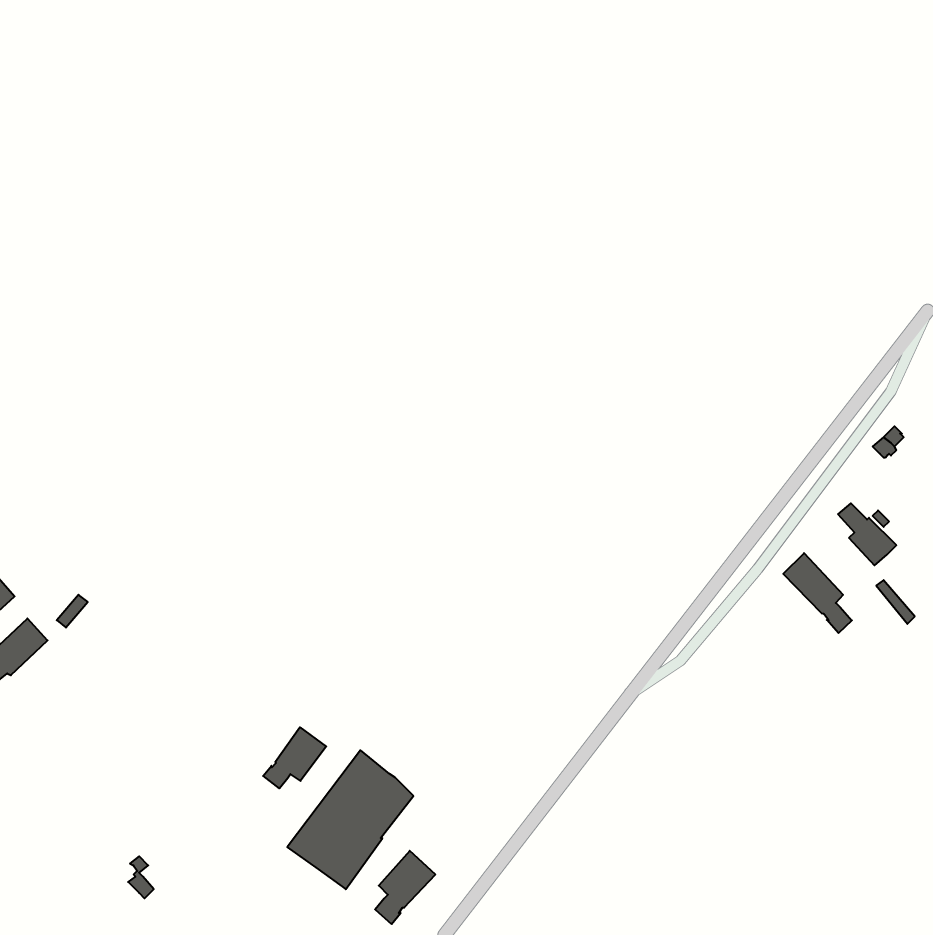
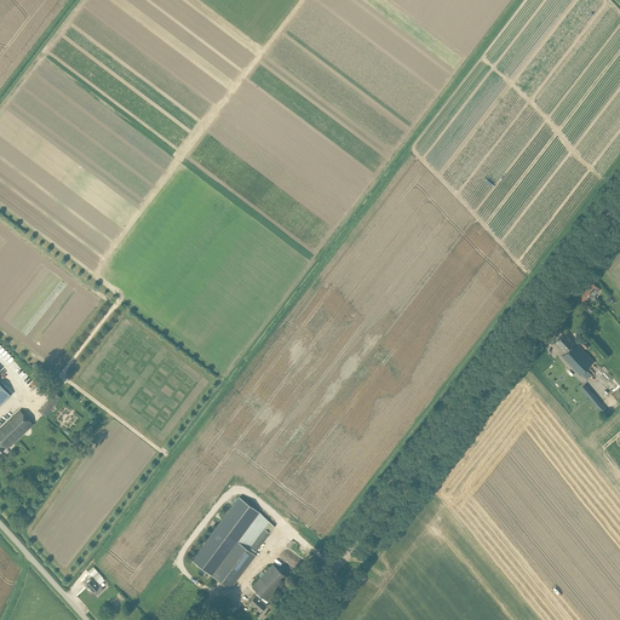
building: [783,553,852,633] -> none
building: [263,727,326,788] -> none

